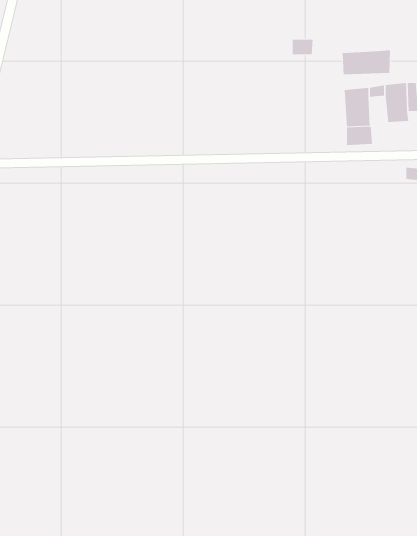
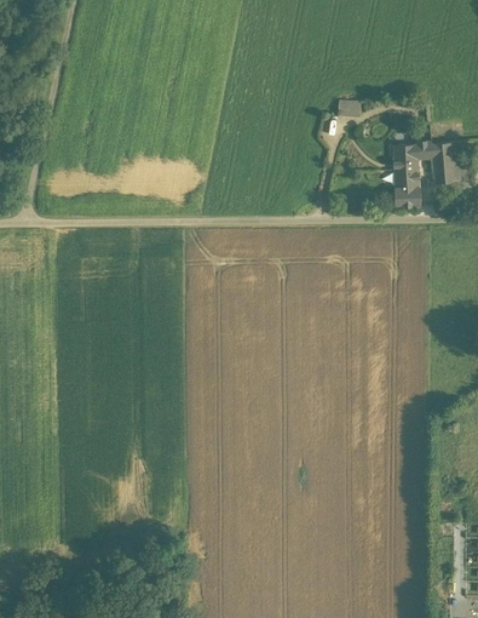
building: [342,49,390,75] -> none

